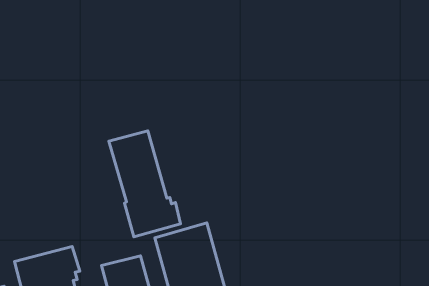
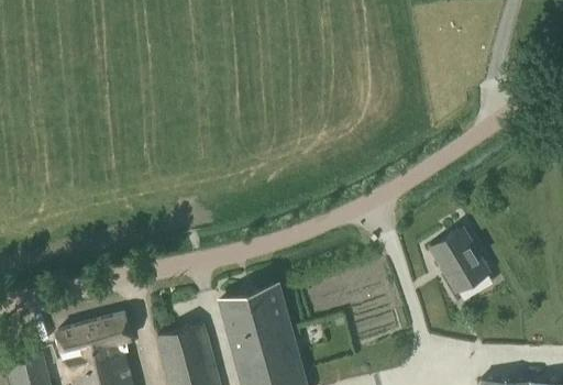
building: [109,131,180,237] -> none
building: none -> [429,229,490,295]

